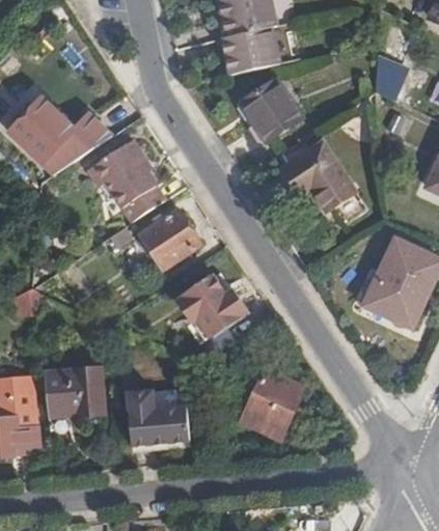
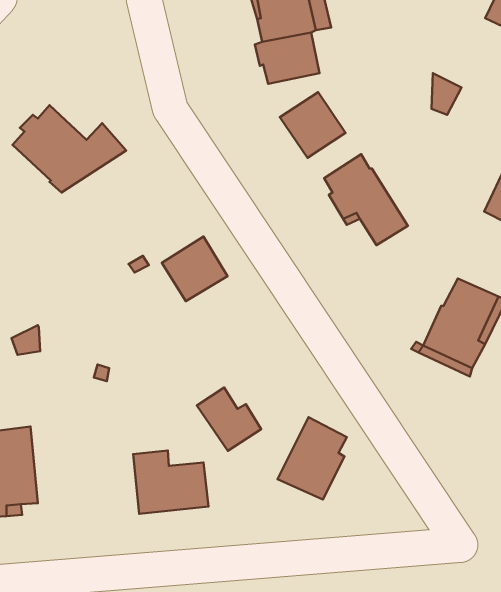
building: [95,139,165,217] -> none
building: [189,273,245,328] -> [197,387,261,451]
building: [44,368,104,416] -> none

